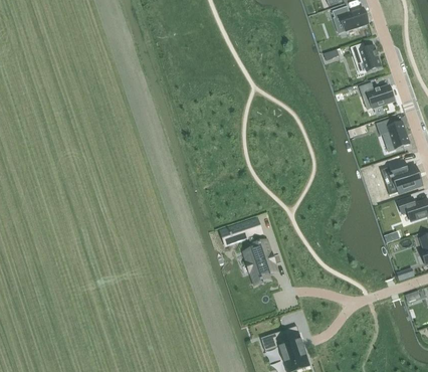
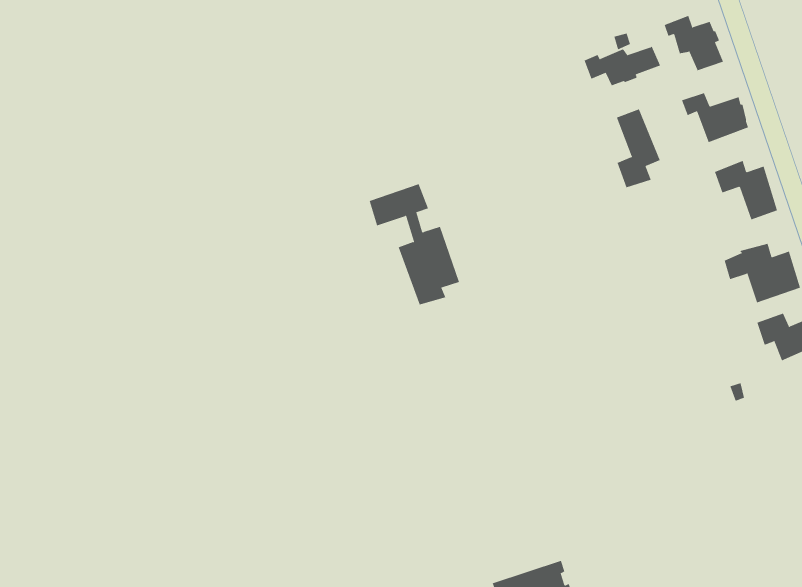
building: none -> [584,46,661,86]
building: none -> [616,108,661,188]
building: [227,220,274,284] -> [369,184,460,305]

